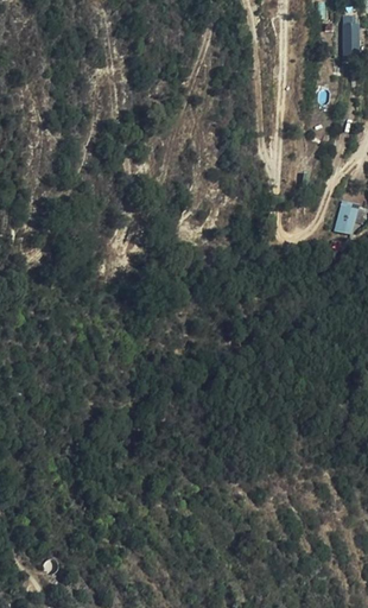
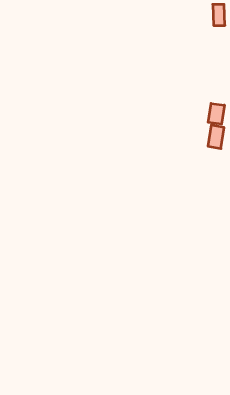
building: none -> [208,103,224,124]

